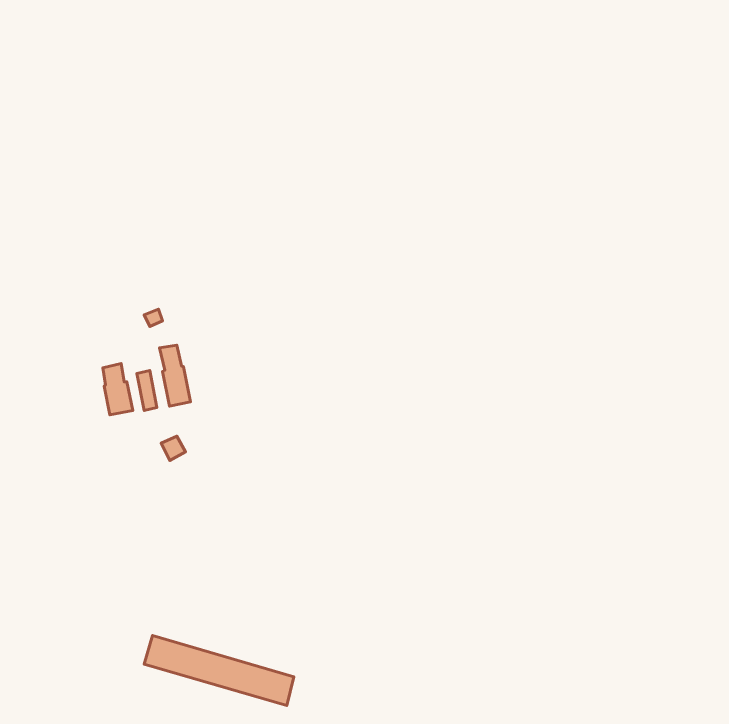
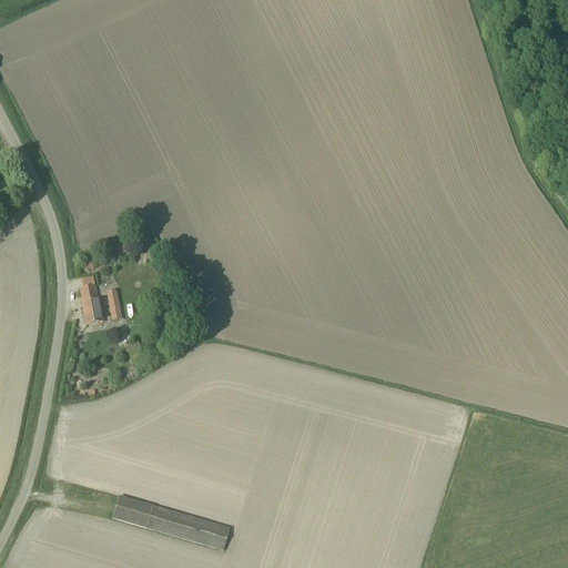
building: [160,345,190,406] -> none

